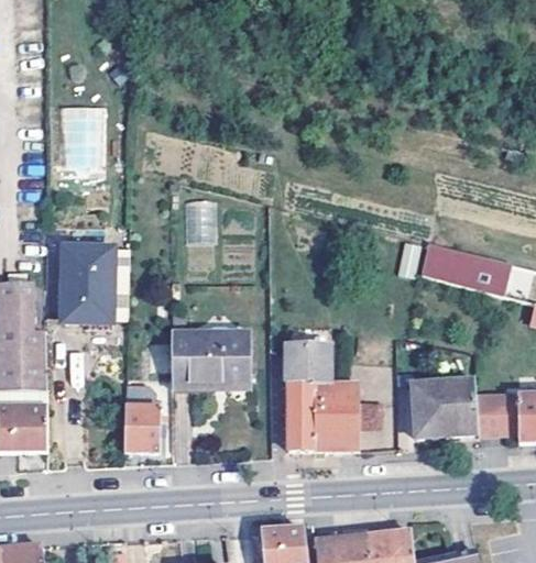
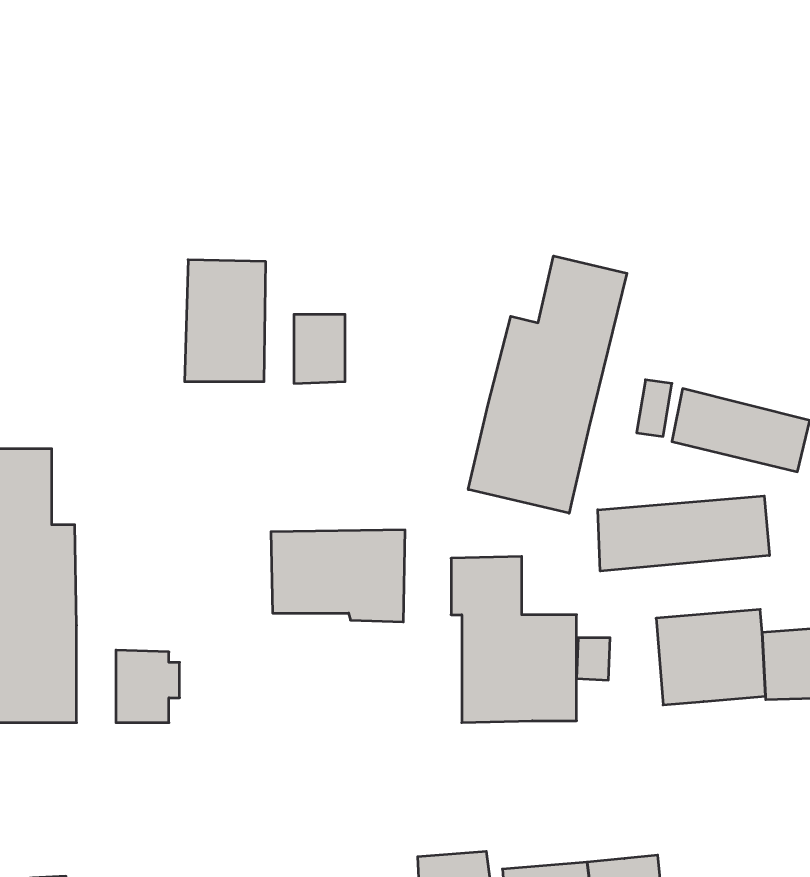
building: none -> [468,256,627,513]
building: [57,243,108,319] -> [185,260,266,382]
building: none -> [598,496,769,571]
building: [125,406,165,451] -> [116,650,180,723]

